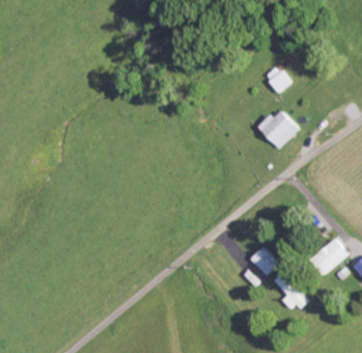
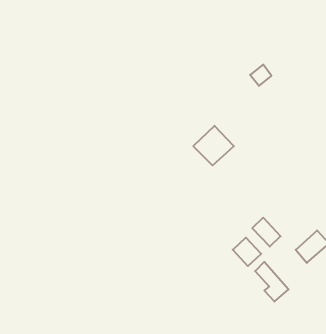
building: [257,107,299,147] -> [193,126,234,165]
building: none -> [252,218,281,247]

